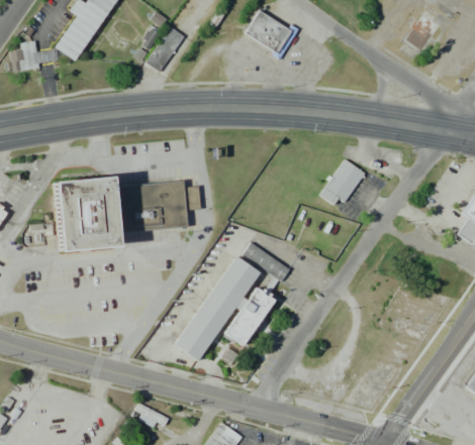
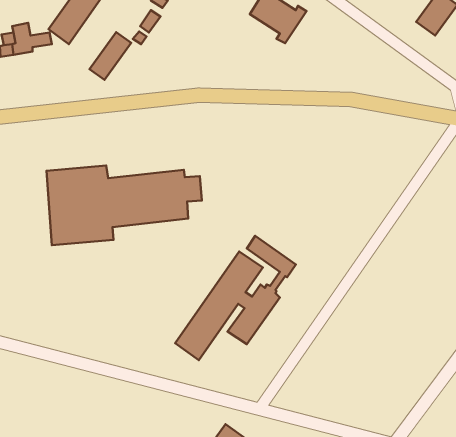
building: [147,26,186,72] -> [90,32,131,80]
building: [320,159,366,205] -> none
building: [136,403,170,426] -> none

